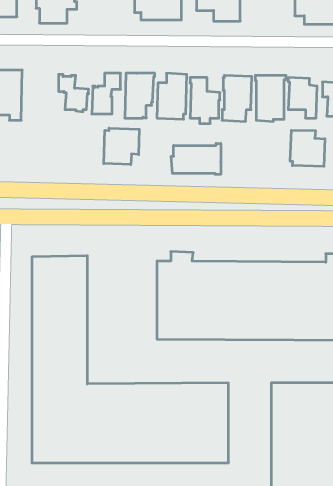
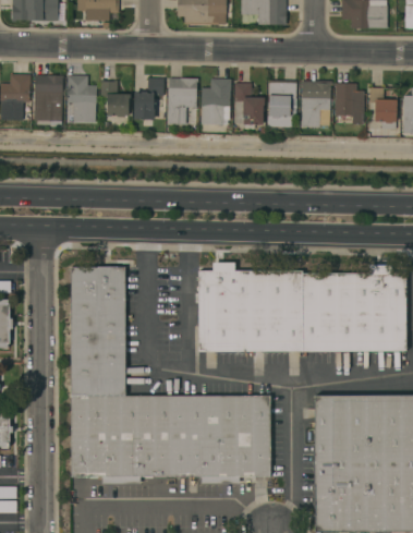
building: none -> [65,75,96,122]
building: [104,128,139,165] -> none
building: [290,130,325,166] -> none
building: [171,143,221,174] -> none

